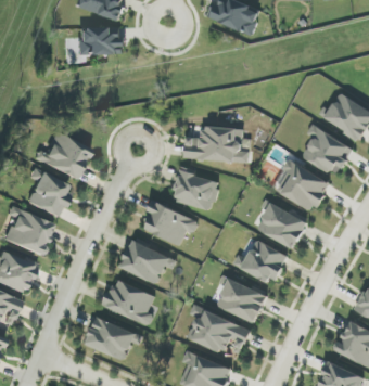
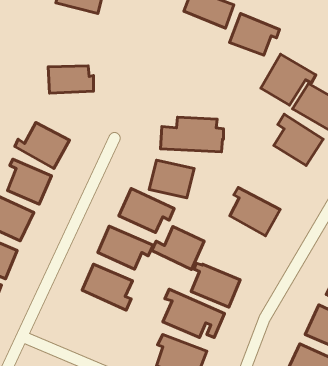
building: none -> [230,14,279,55]
building: [77,27,124,55] -> [48,66,93,93]
building: none -> [261,54,316,105]
building: [273,160,330,213] -> none
building: [233,240,288,284] -> [152,226,204,269]
building: [85,318,143,360] -> none

